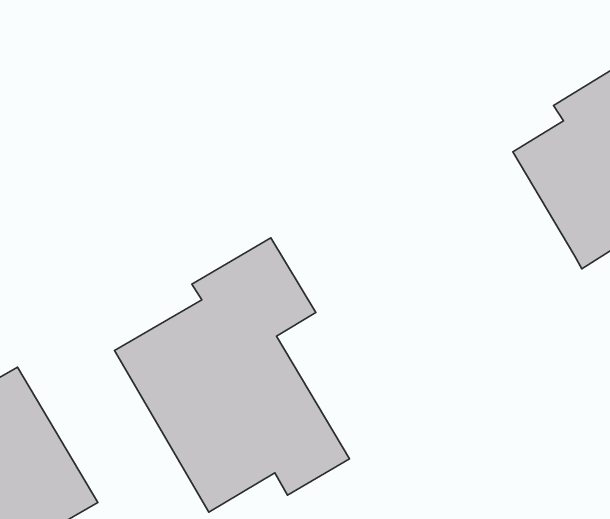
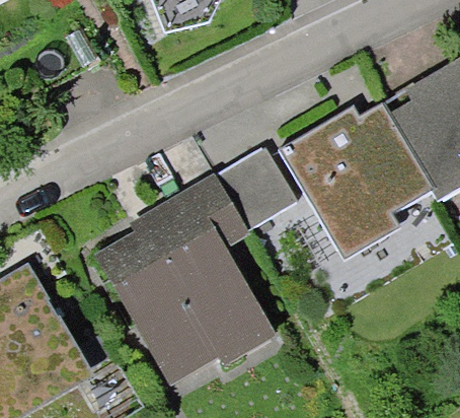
building: none -> [277,105,432,249]
building: none -> [213,148,296,232]

